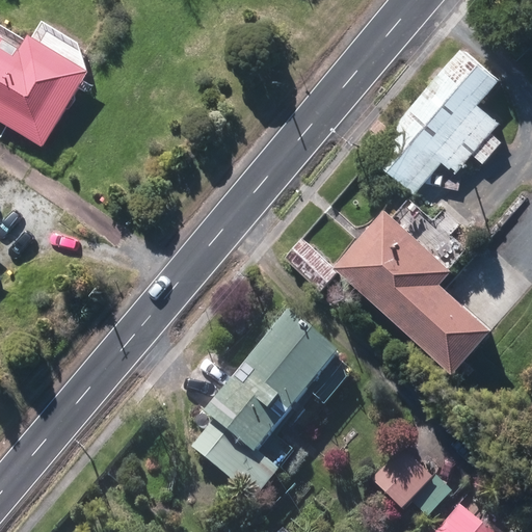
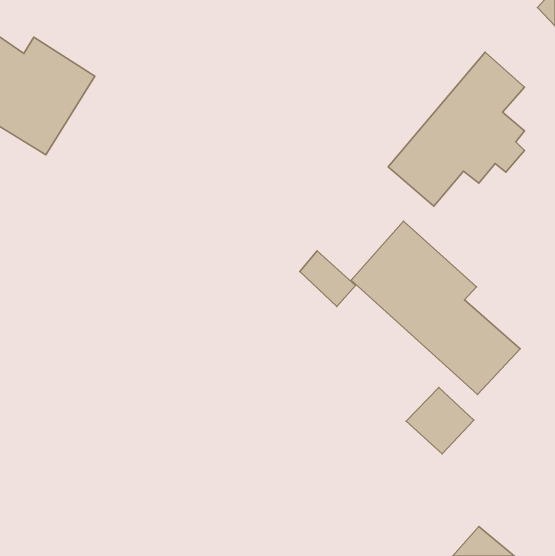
building: [189,308,337,499] -> none
building: [366,445,430,508] -> [406,387,474,454]

